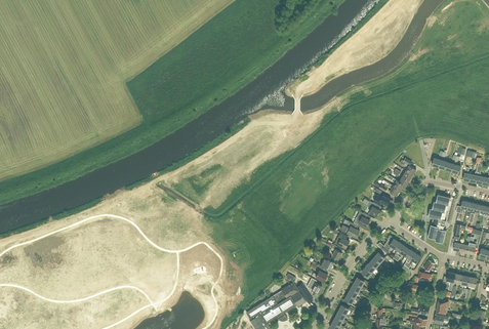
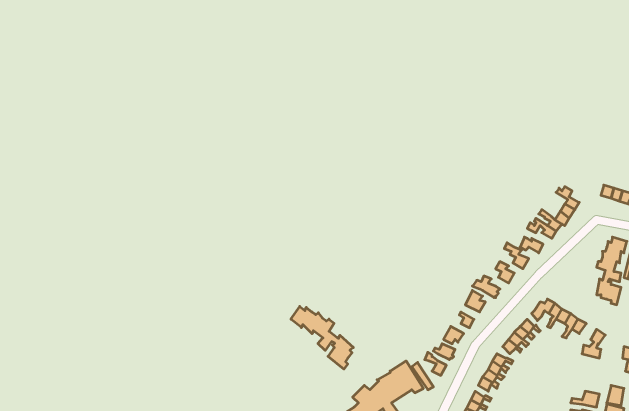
building: none -> [291,306,353,369]

